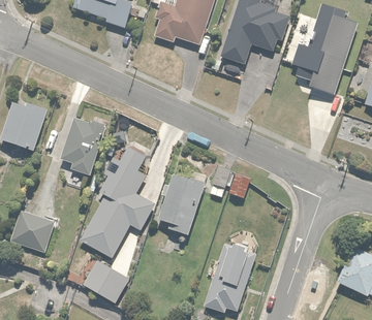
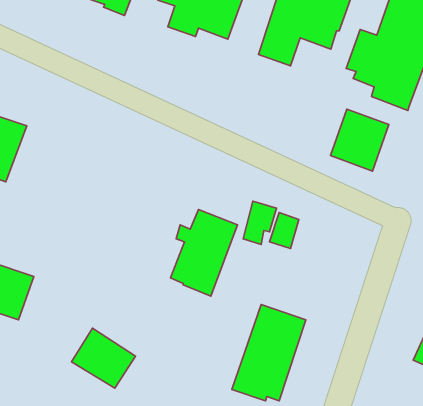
building: none -> [331,109,389,171]
building: [60,116,106,173] -> none
building: [80,143,155,257] -> none

